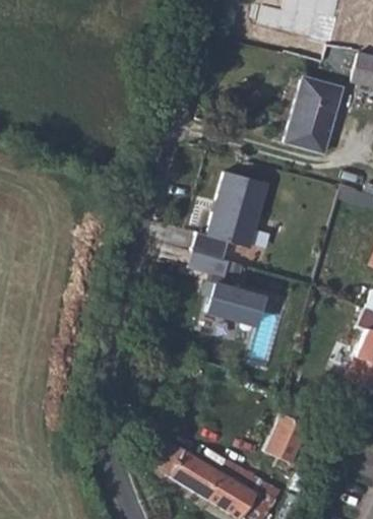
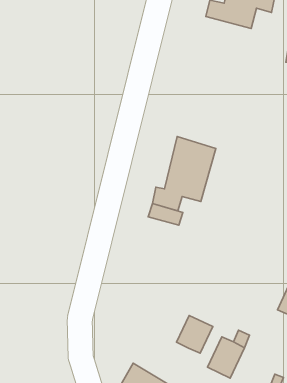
building: [287,79,341,153] -> none
building: [205,280,262,323] -> none
building: none -> [176,315,213,353]

